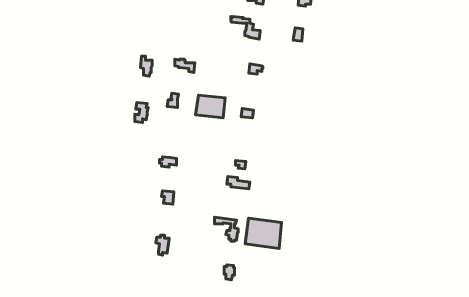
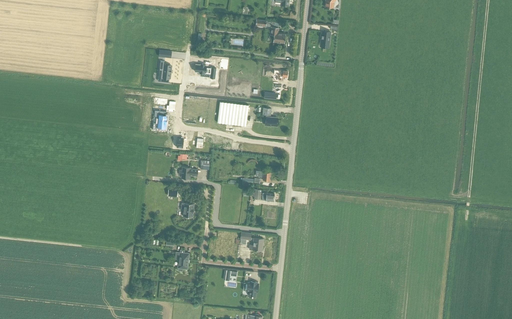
building: [245,218,282,248] -> none

